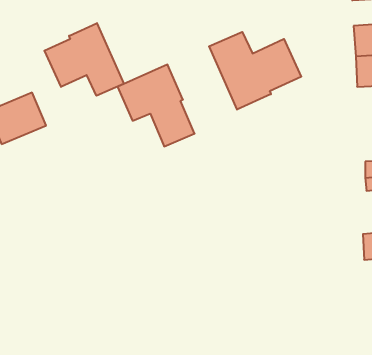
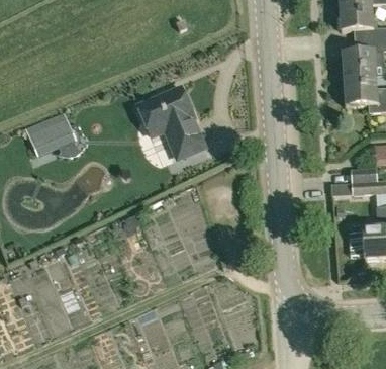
building: [44,23,124,96] -> none
building: [209,32,301,110] -> none

